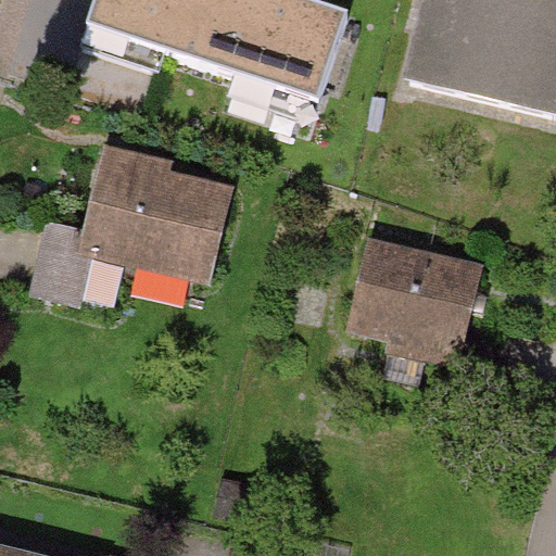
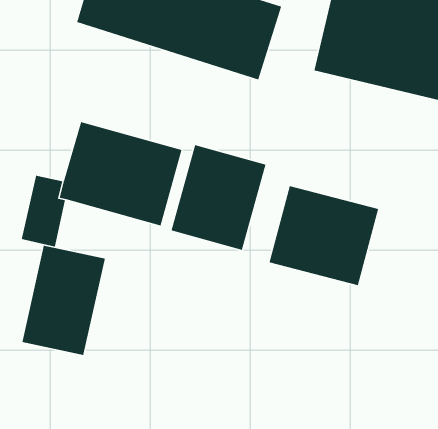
building: none -> [171,144,266,251]
building: none -> [21,245,106,356]

